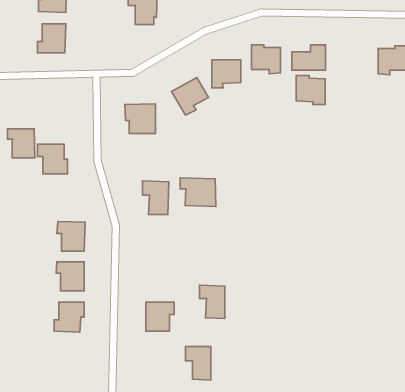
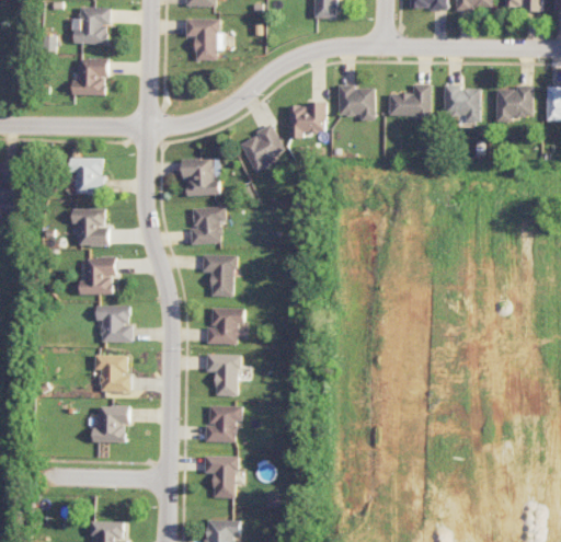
building: [296,75,325,104] -> [443,84,479,120]
building: [8,129,35,158] -> [69,158,103,194]
building: none -> [190,206,225,244]
building: [180,178,216,206] -> none
building: none -> [79,257,116,295]
building: none -> [208,307,243,344]
building: [199,285,225,319] -> [206,354,238,395]
building: [185,347,211,380] -> [204,455,236,497]

